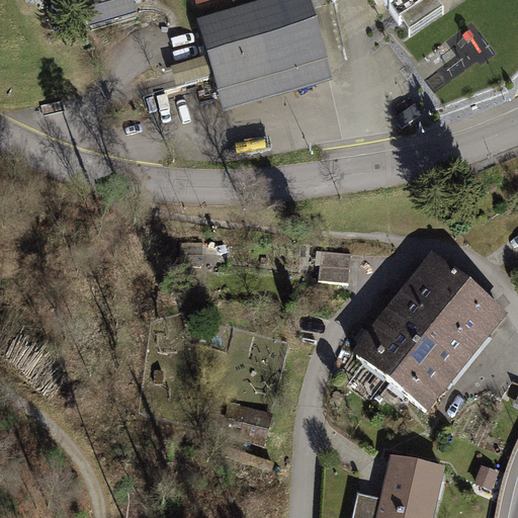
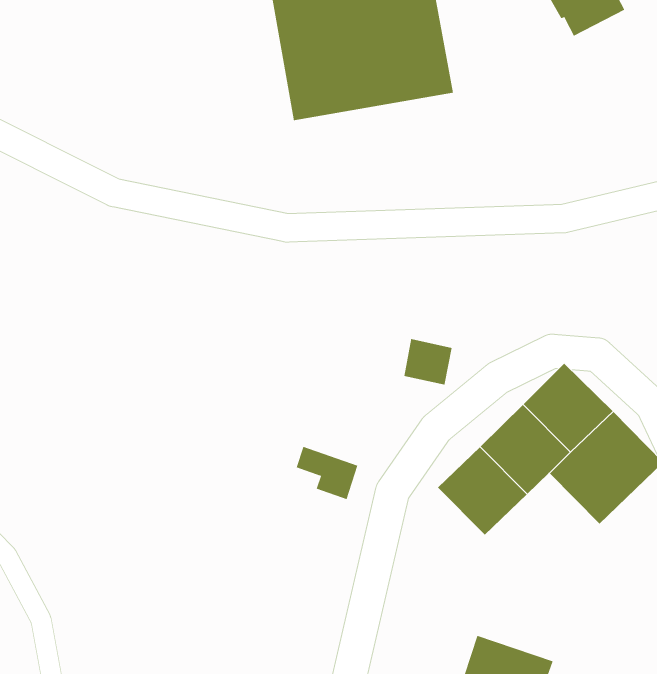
building: [387,333,465,413] -> none
building: [230,401,272,434] -> [296,446,358,500]

